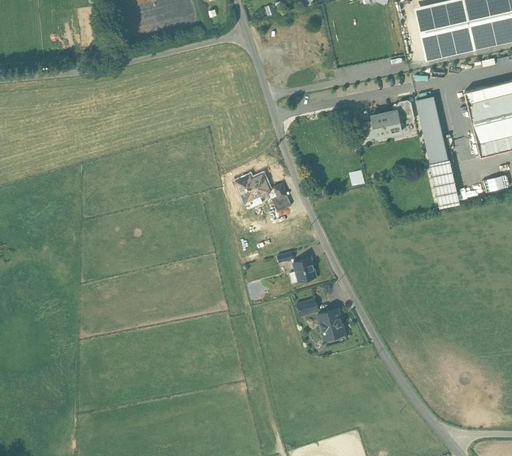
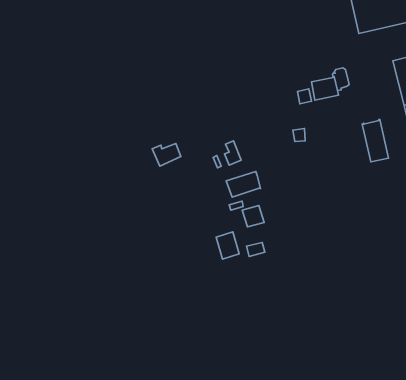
building: [416,96,448,163] -> none
building: [236,175,269,201] -> [152,143,181,166]
building: none -> [226,171,261,197]
building: [318,308,344,339] -> [216,232,239,259]

